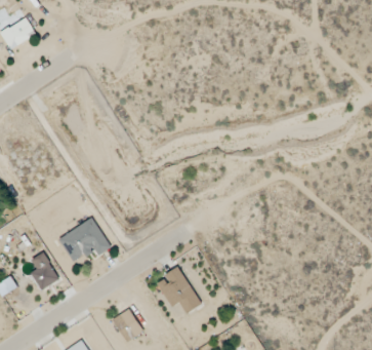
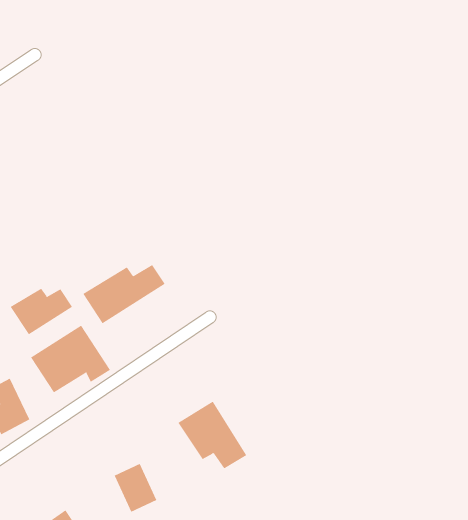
building: none -> [82,264,166,324]
building: none -> [10,288,73,335]

